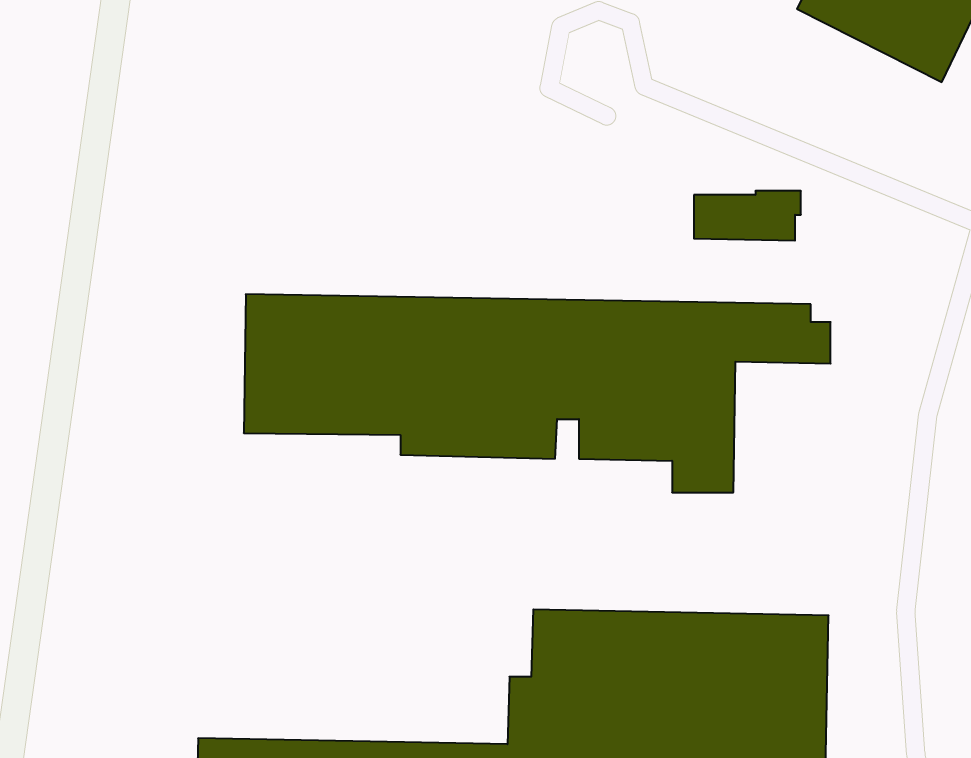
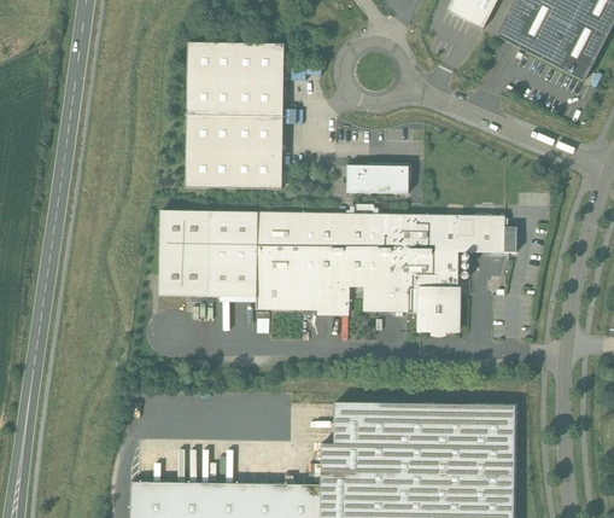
building: none -> [186,42,285,188]
building: [694,191,801,241] -> [346,163,411,193]

